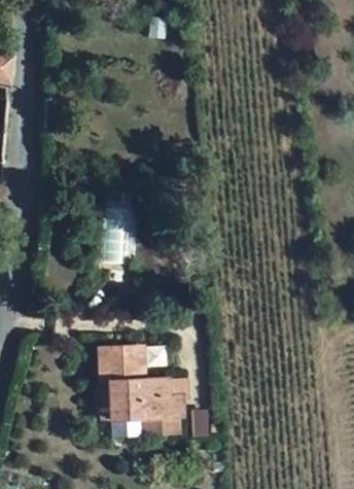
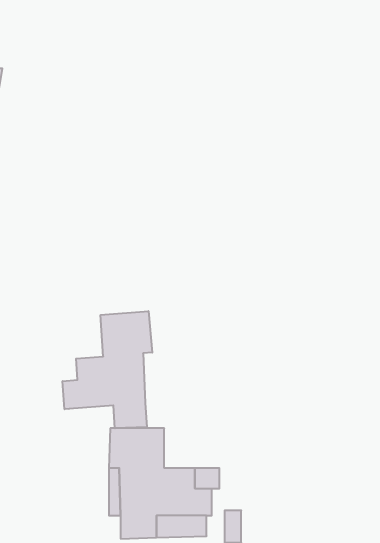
building: none -> [63,311,152,428]

